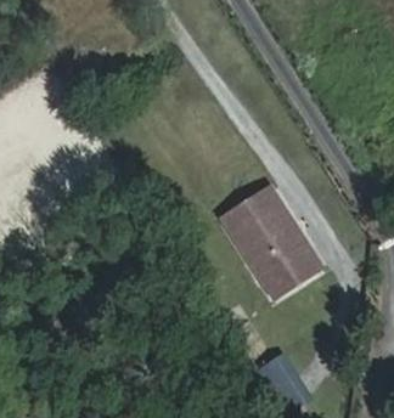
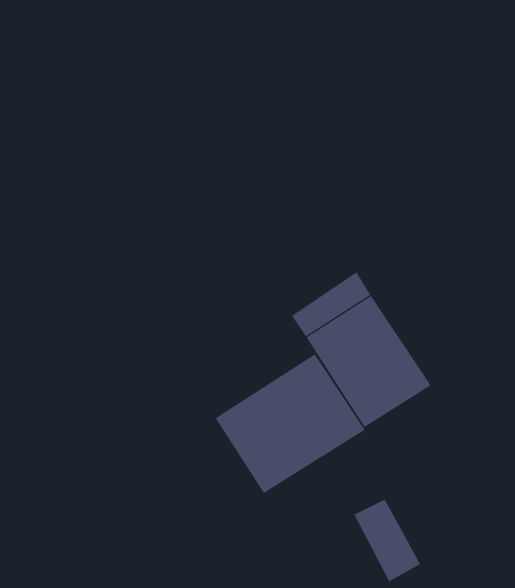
building: none -> [215,353,366,494]

